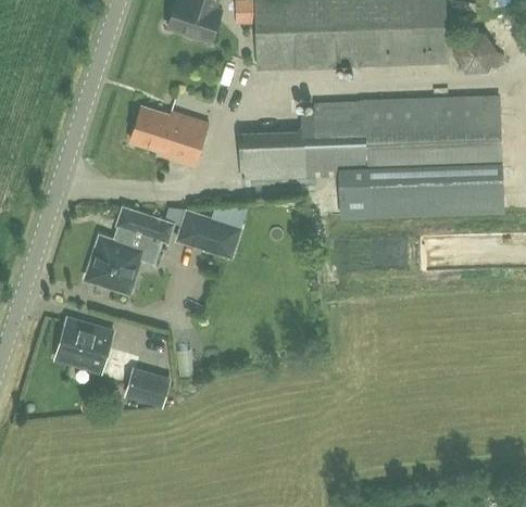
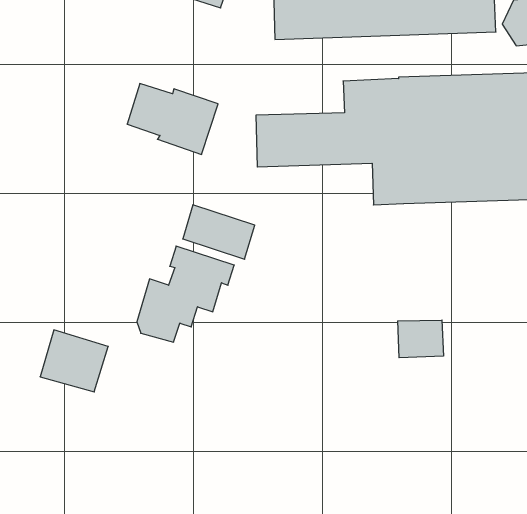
building: [88,208,172,291] -> [137,246,234,342]
building: none -> [398,320,443,358]
building: [126,370,168,406] -> none

